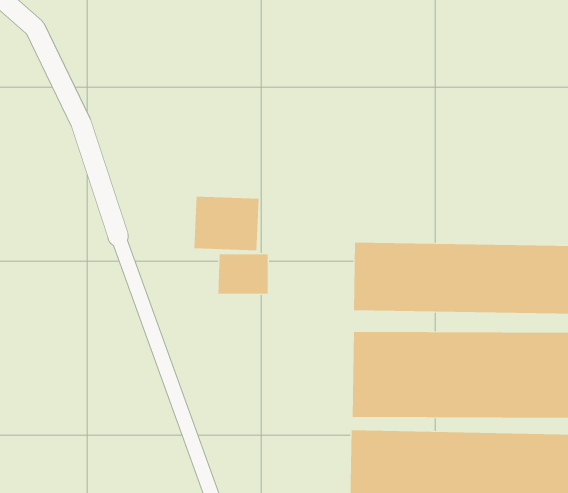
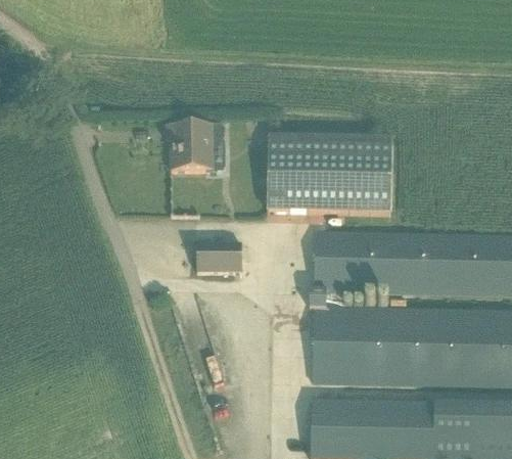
building: none -> [267,131,388,213]
building: [193,196,259,251] -> [170,131,228,179]

